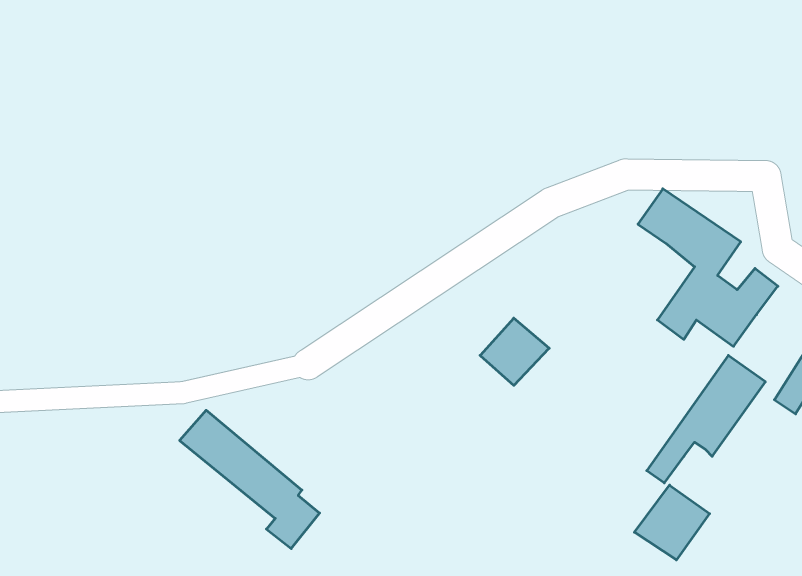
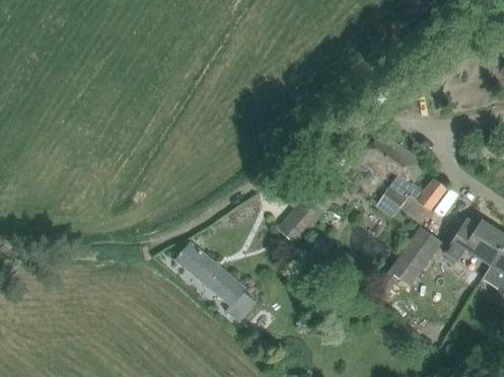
building: [180,410,320,549] -> [175,242,256,321]
building: [634,485,710,560] -> none

